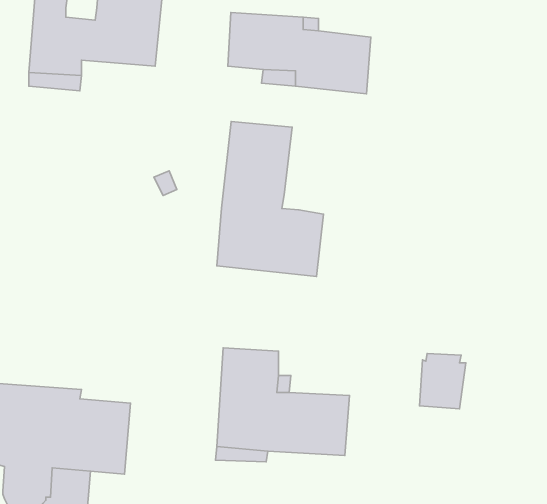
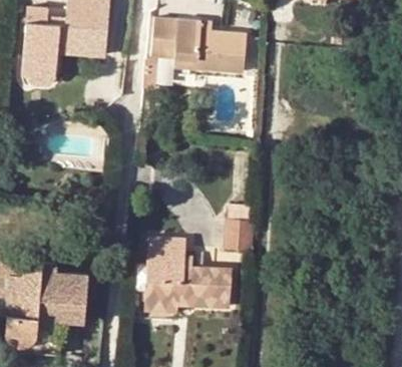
building: [217,122,324,277] -> none
building: [420,354,466,409] -> [224,216,254,252]

